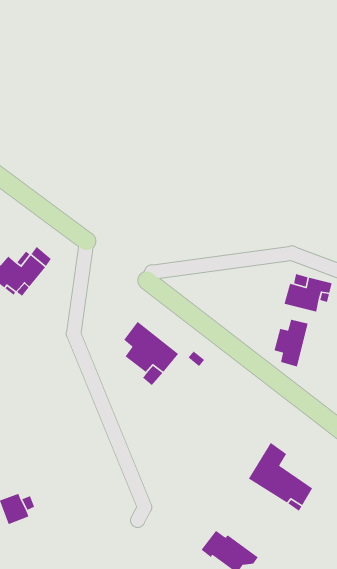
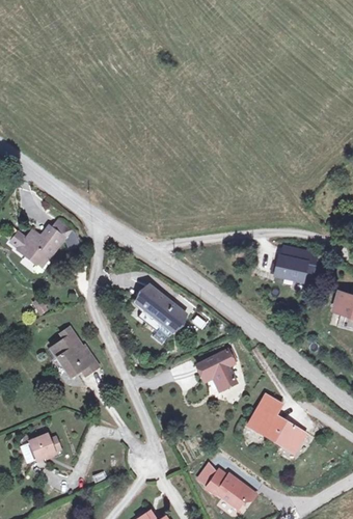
building: [273,319,308,367] -> none
building: none -> [49,328,99,378]
building: none -> [196,350,235,390]

